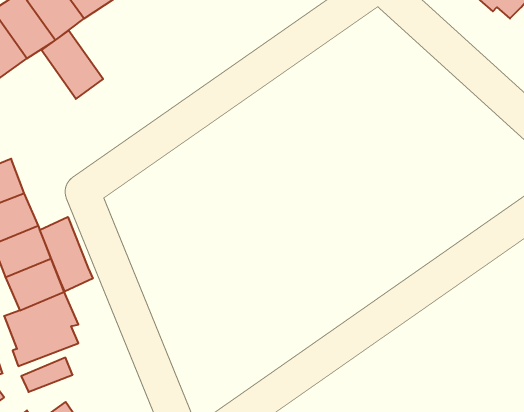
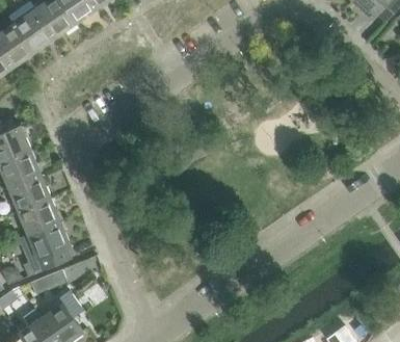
building: [41,30,103,99] -> none
building: [40,217,93,292] -> none

